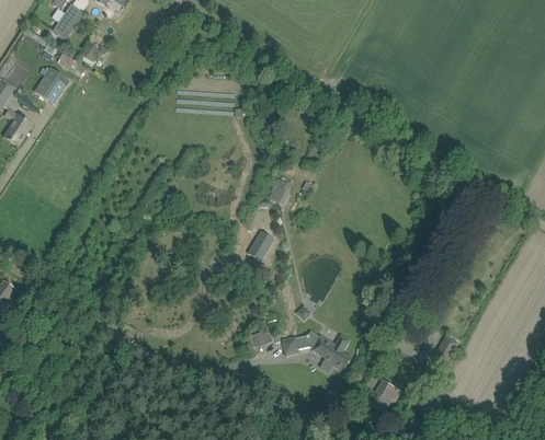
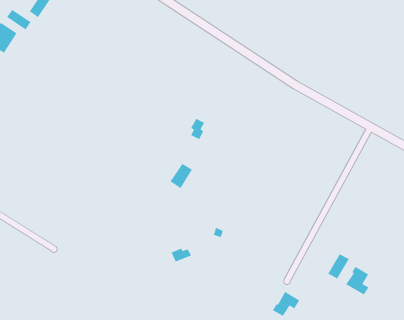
building: [283,333,350,370] -> none
building: none -> [345,266,369,296]

